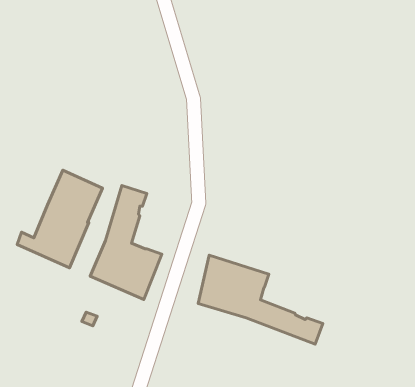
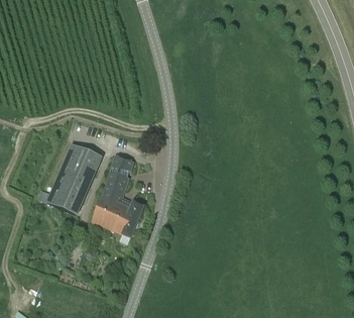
building: [198,255,323,344] -> none

